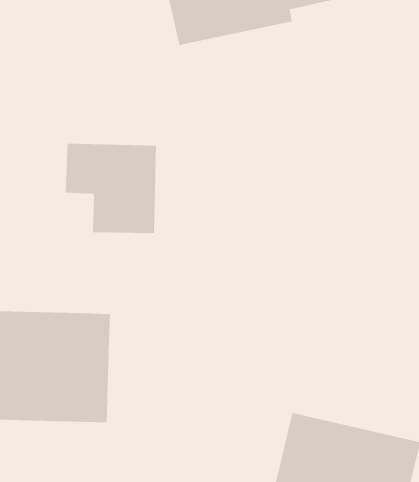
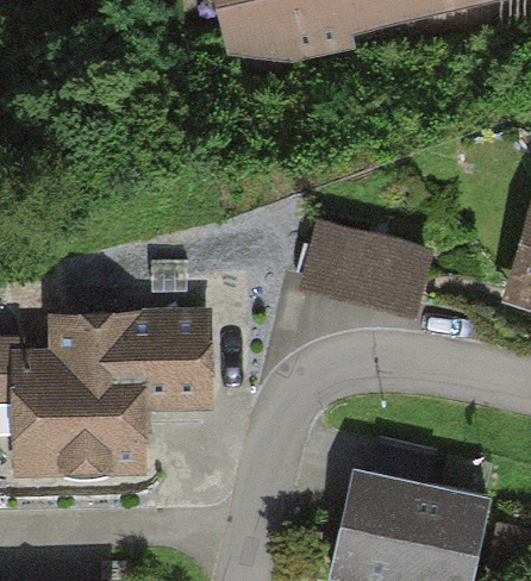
building: [65,143,157,234] -> [125,307,225,406]
building: none -> [295,215,430,316]

